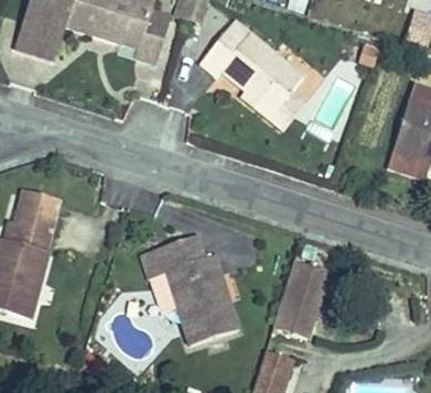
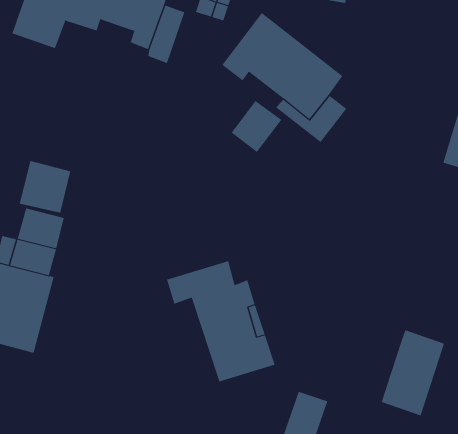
building: none -> [231,100,282,153]
building: none -> [19,160,71,214]
building: [274,264,331,340] -> [381,330,445,416]

